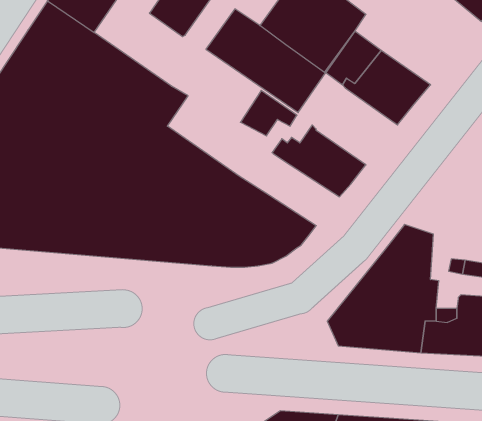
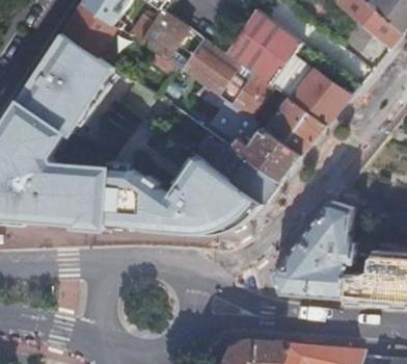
building: none -> [265,97,326,155]
building: none -> [207,140,282,201]

